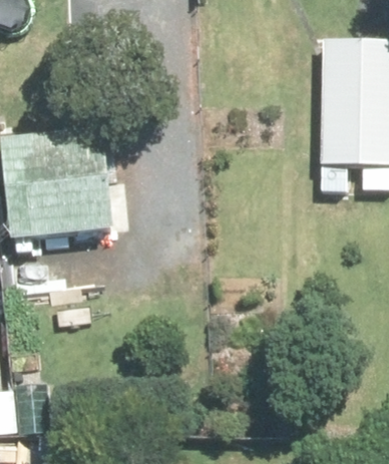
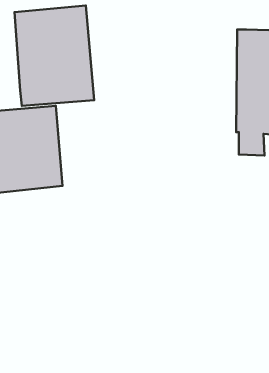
building: none -> [14,6,94,106]

